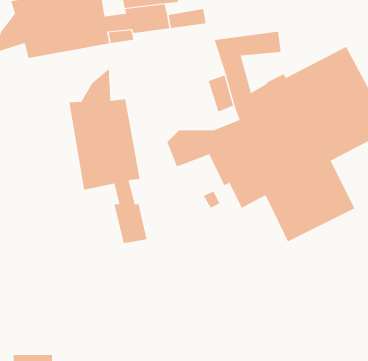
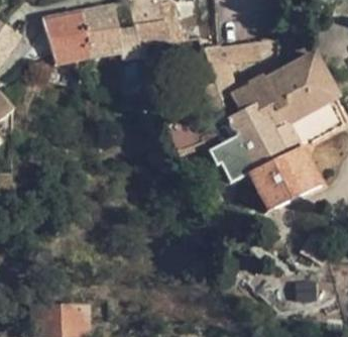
building: [69,68,147,244] -> none

